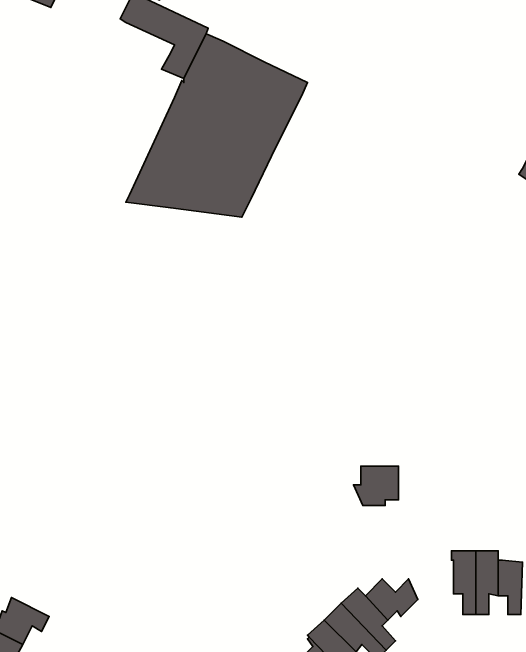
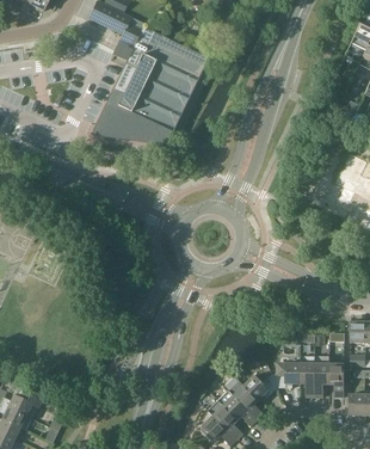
building: [353,466,398,505] -> [271,363,300,388]

